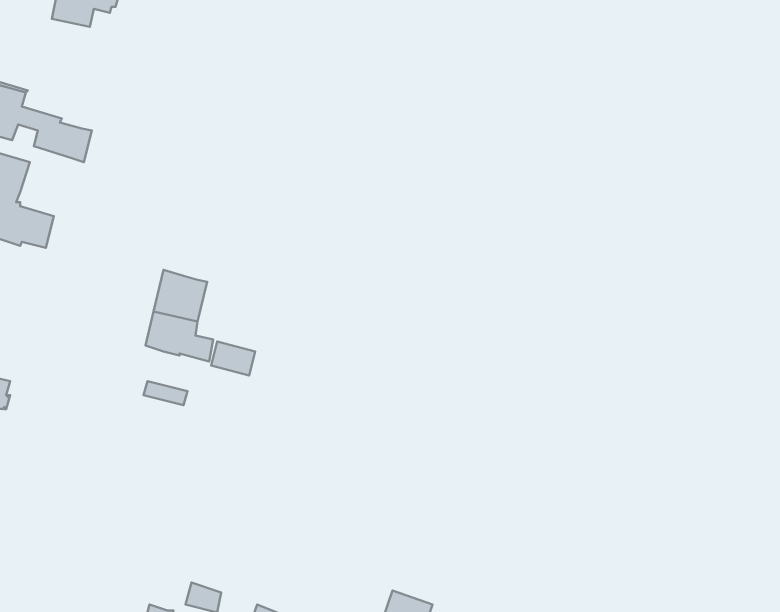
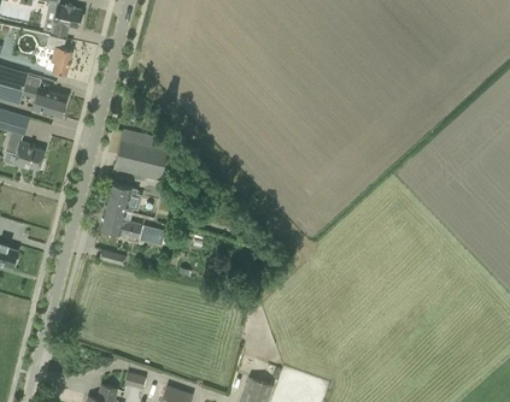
building: none -> [47,36,72,75]
building: none -> [115,130,171,181]

